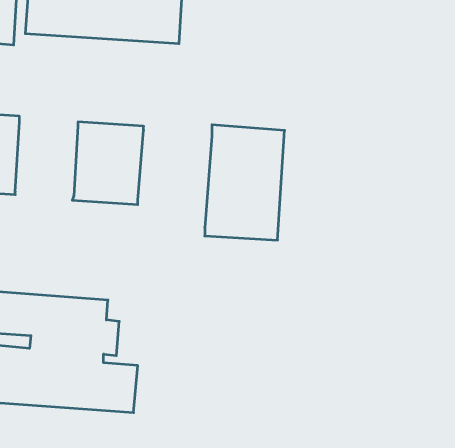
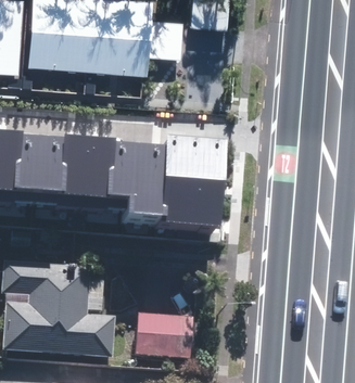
building: none -> [20,133,67,190]
building: none -> [113,140,169,214]
building: none -> [134,315,189,358]

